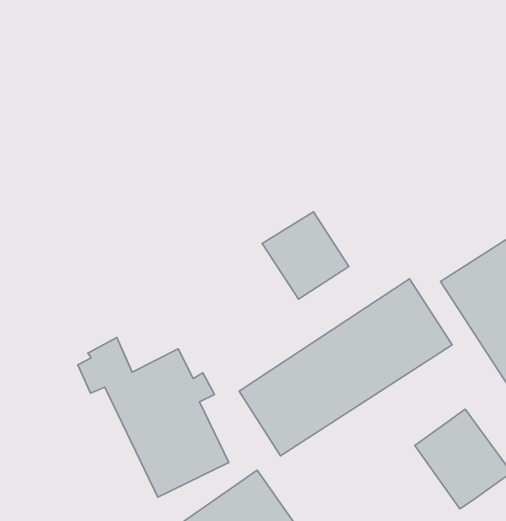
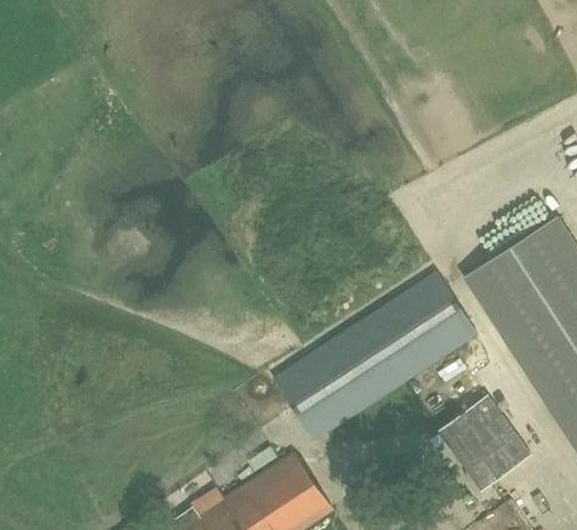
building: [262,212,349,299] -> none
building: [78,338,229,497] -> none

